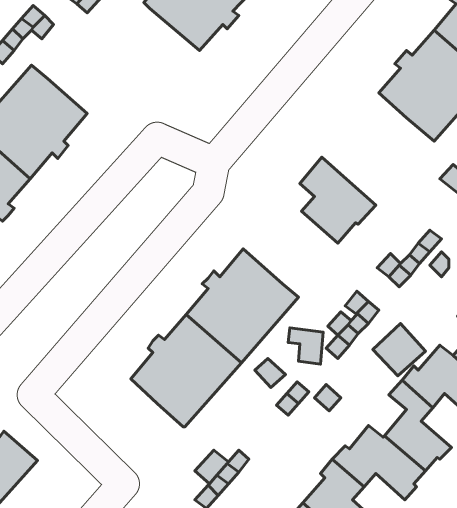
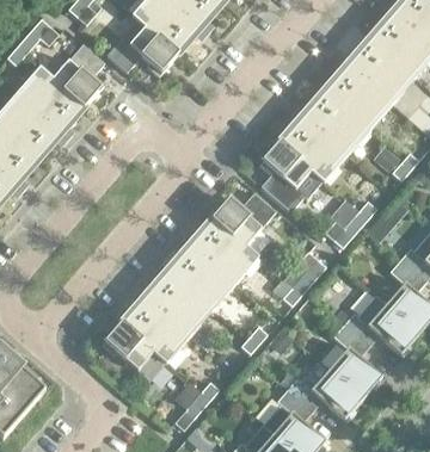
building: none -> [107,19,178,75]
building: none -> [54,43,105,105]
building: none -> [278,88,370,181]
building: none -> [214,191,276,244]
building: none -> [103,322,165,379]

